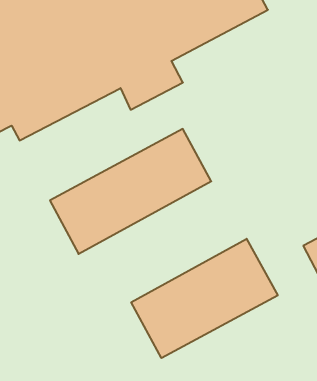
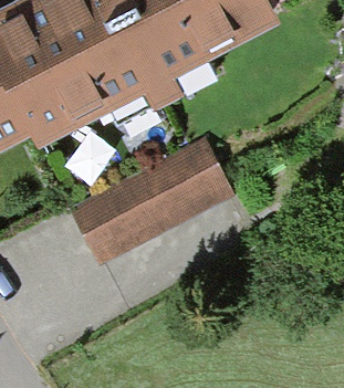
building: [131,239,278,358] -> none

